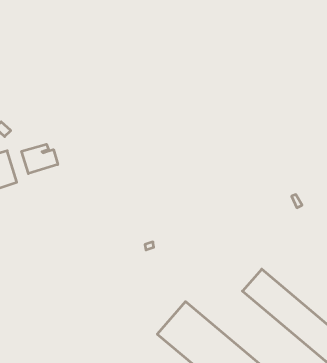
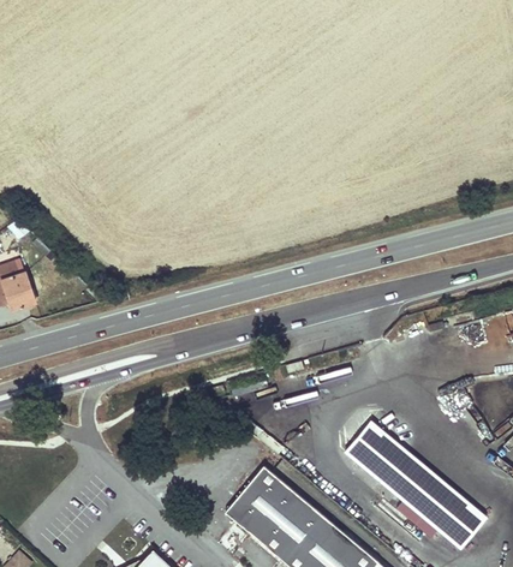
building: [22,144,58,174] -> none

